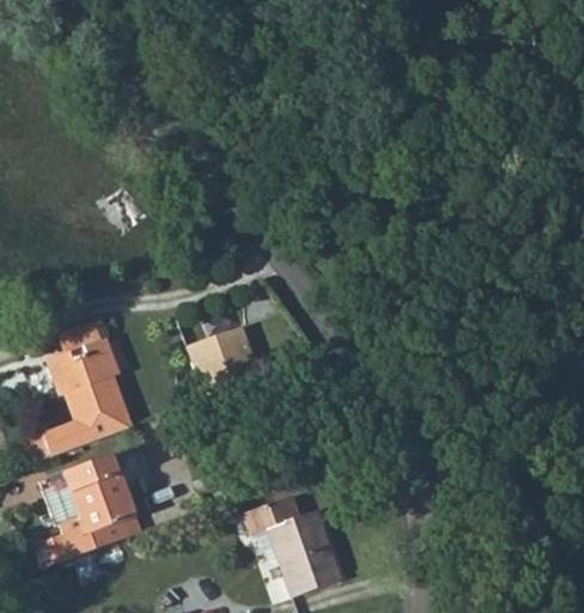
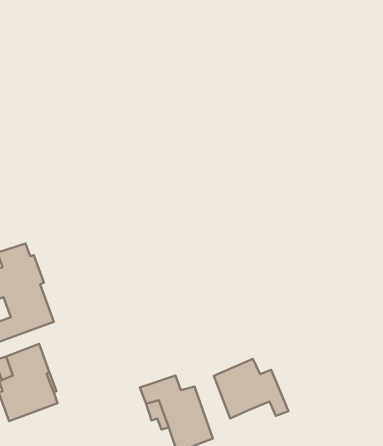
building: [187,323,261,397] -> none
building: none -> [214,359,289,419]

